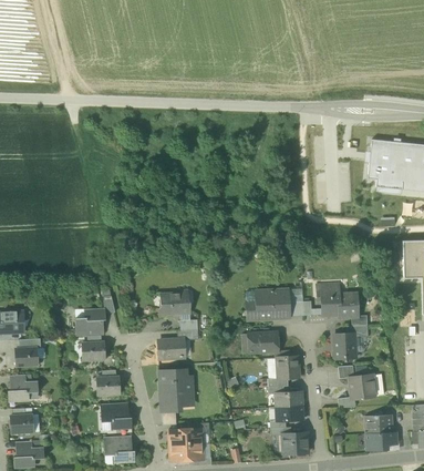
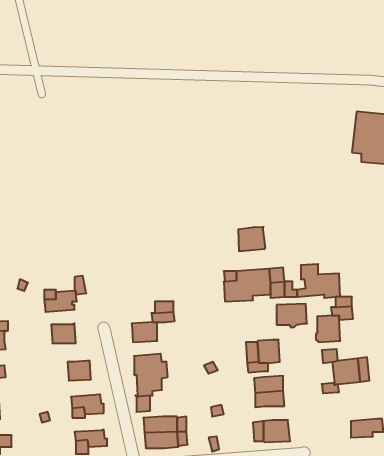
building: none -> [239,227,265,251]
building: [158,291,190,315] -> none
building: [249,331,278,354] -> [277,304,307,327]
building: [365,413,392,433] -> none

